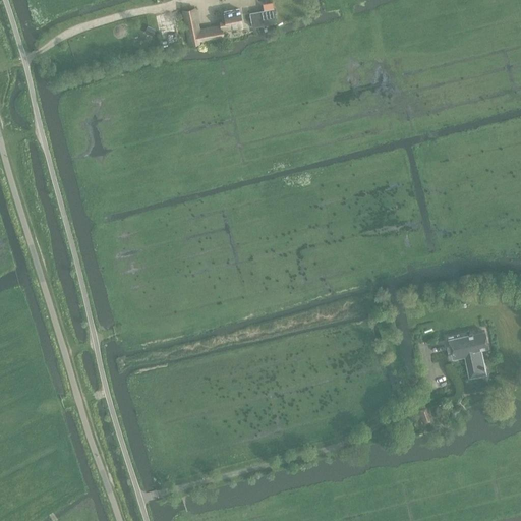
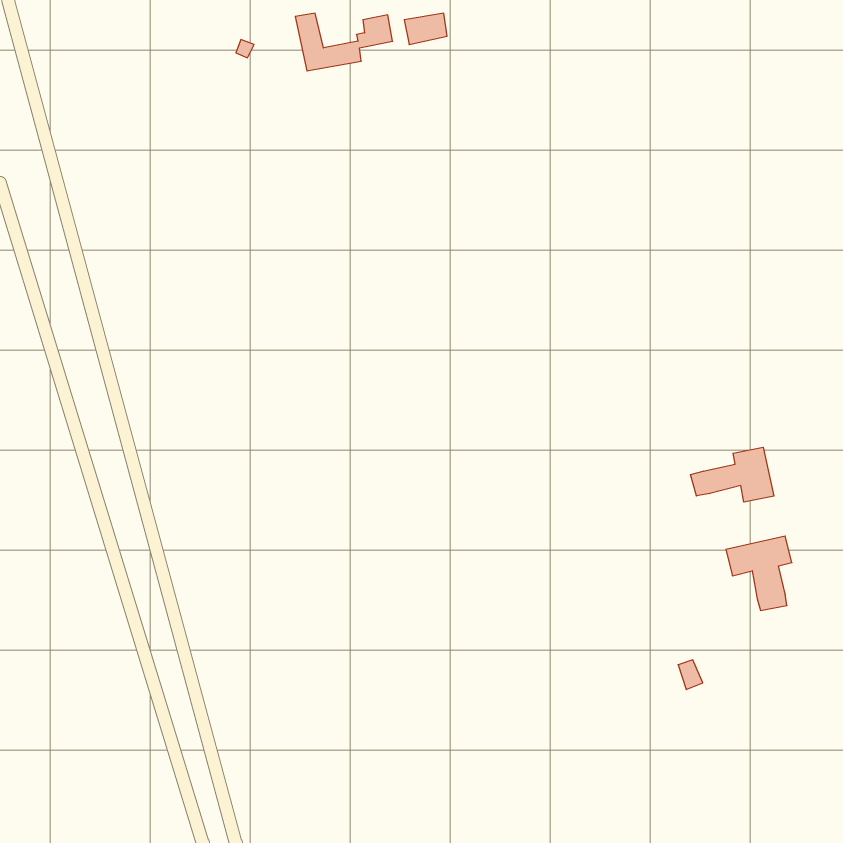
building: none -> [691,447,774,502]

